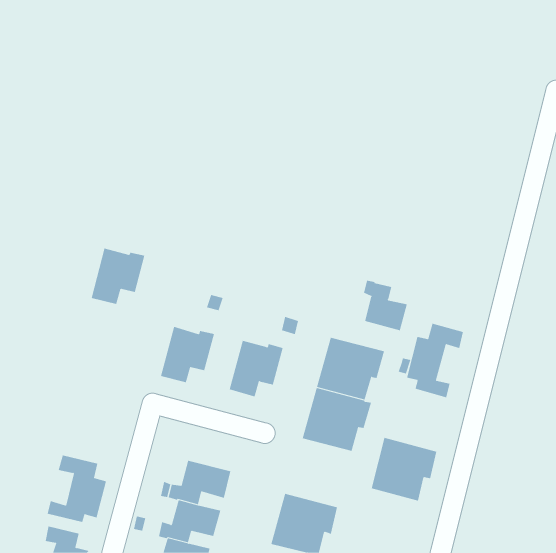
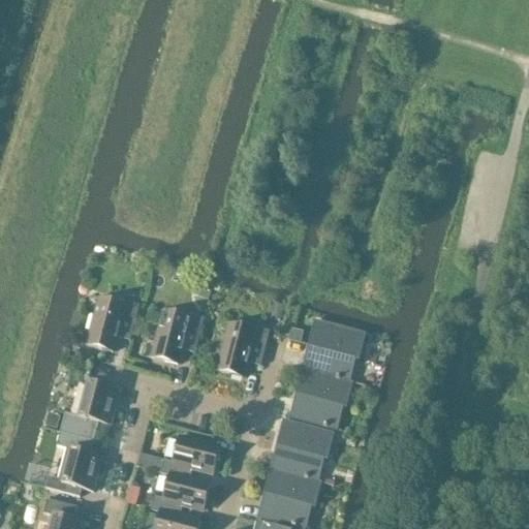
building: [91,248,145,305] -> [87,297,138,350]
building: [363,280,408,331] -> none
building: [406,323,464,398] -> none
building: none -> [59,381,119,439]
building: [371,437,437,503] -> [270,418,333,480]

